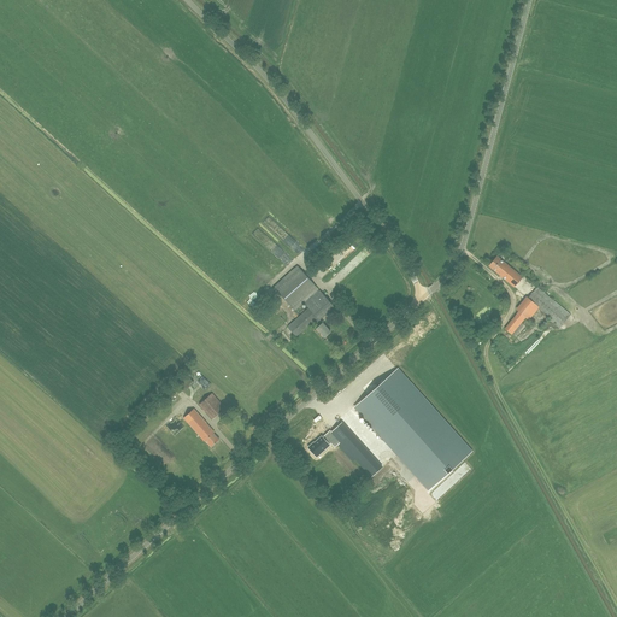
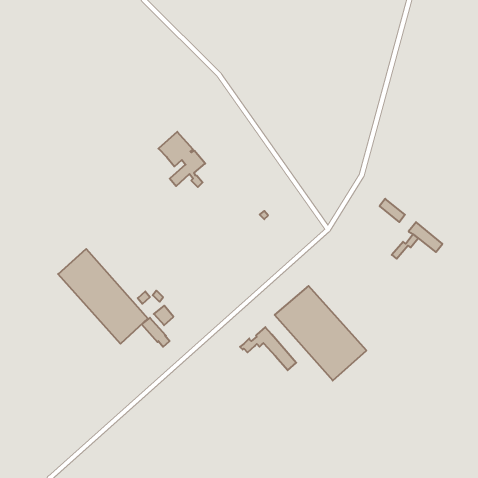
building: [272,265,333,336] -> [158,132,205,187]
building: none -> [58,249,148,344]

